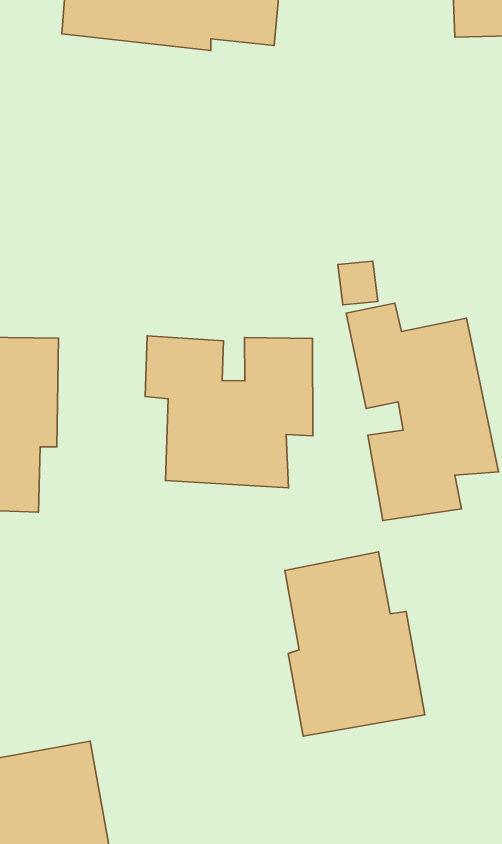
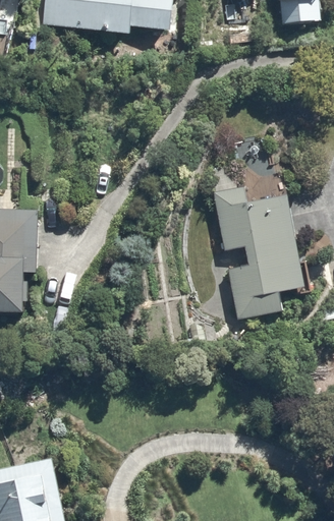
building: [145,336,313,488] -> none
building: [285,552,425,736] -> none

